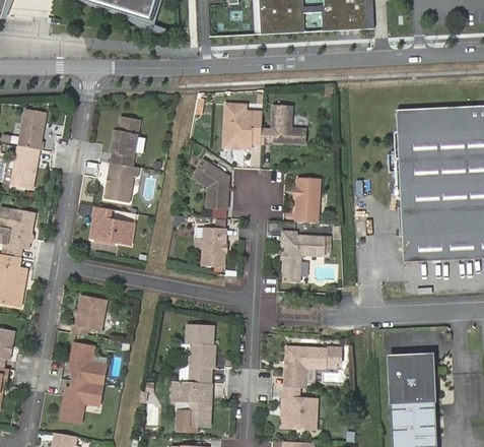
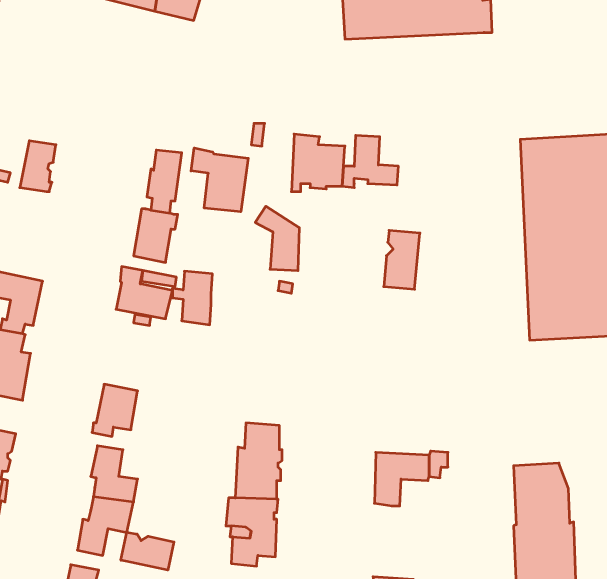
building: none -> [191,148,248,212]
building: [9,144,38,188] -> none
building: [195,227,225,267] -> [172,271,212,325]
building: [290,232,334,282] -> none
building: [282,386,317,429] -> none
building: none -> [121,532,174,570]

